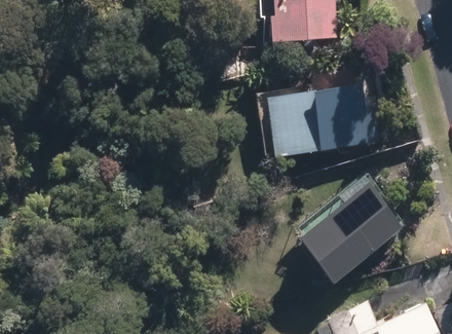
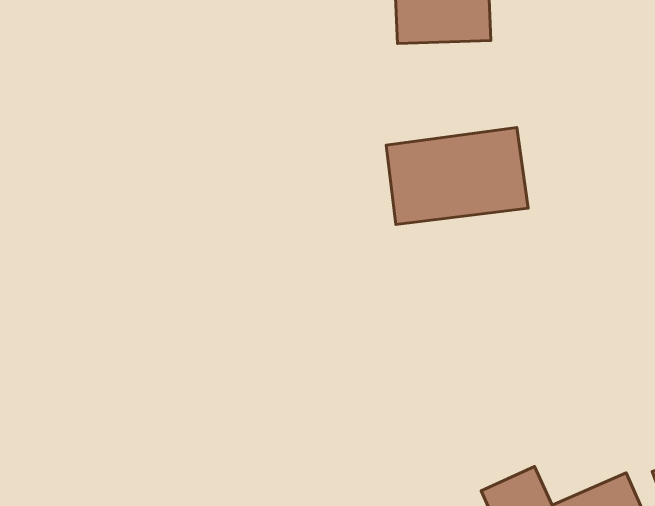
building: [298,186,392,273] -> none

